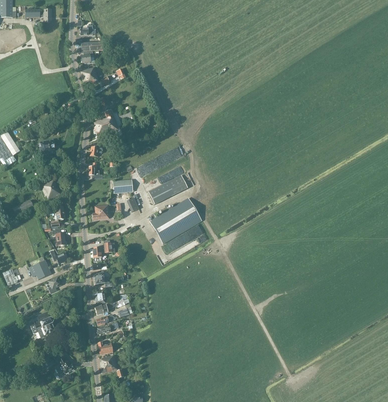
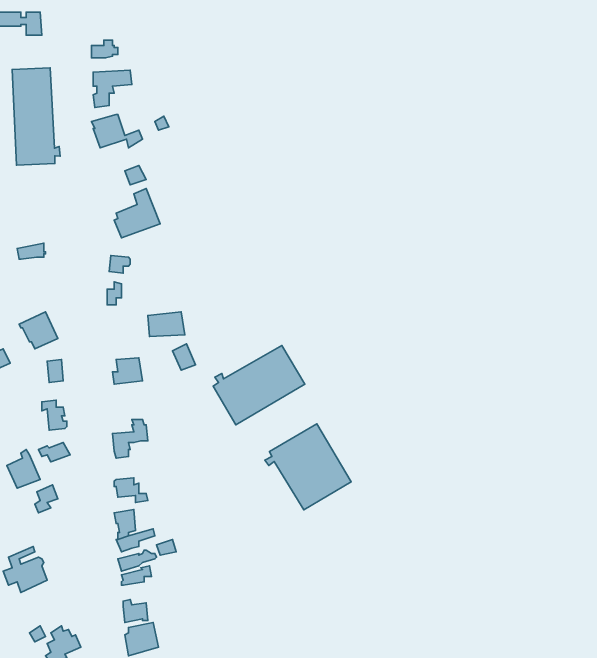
building: none -> [12,68,60,165]
building: [148,175,187,204] -> none
building: none -> [265,424,351,510]

